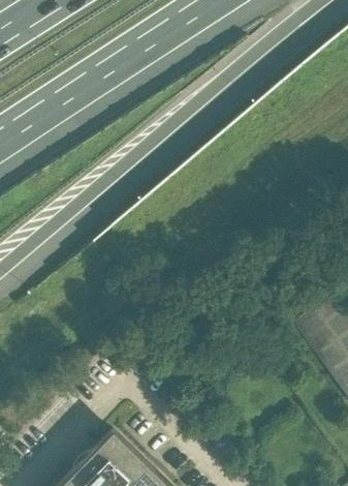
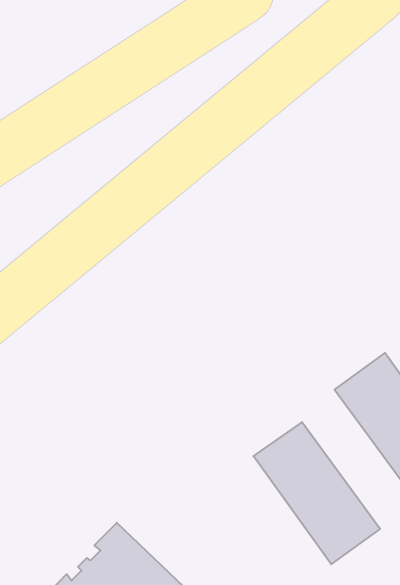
building: none -> [253,422,380,564]

